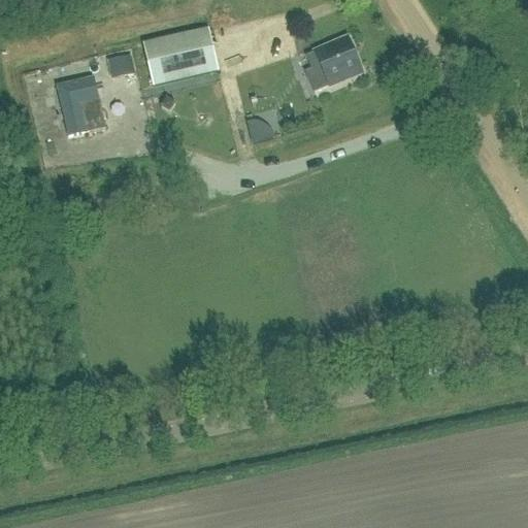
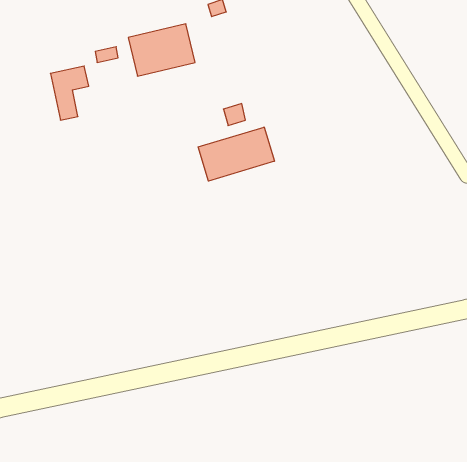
building: [303,36,360,89] -> none
building: none -> [198,127,274,181]

